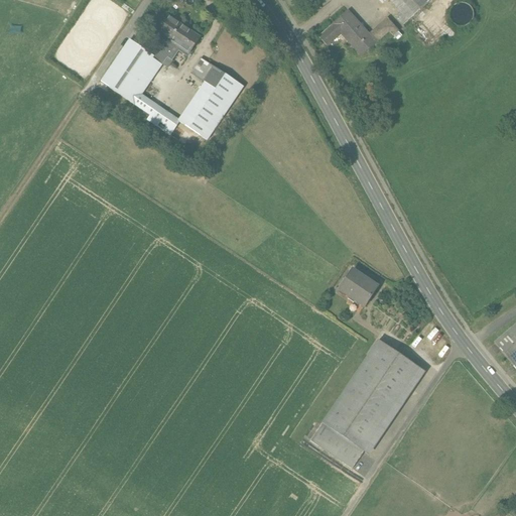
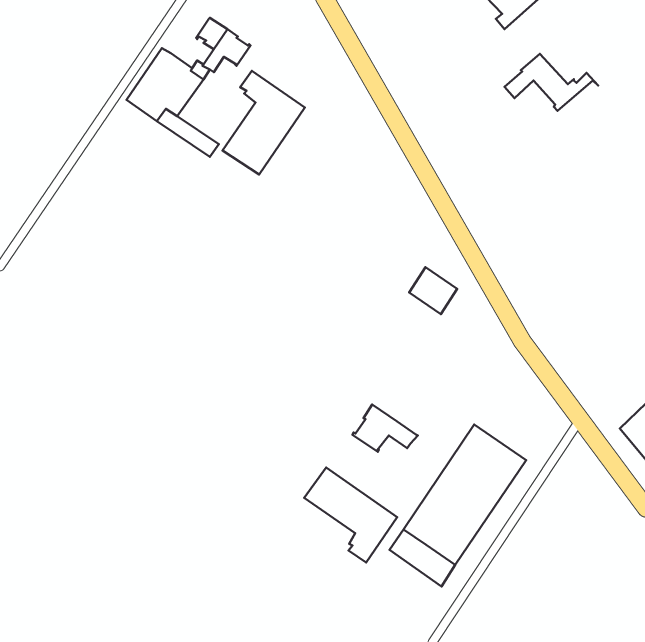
building: [319,9,394,54] -> [504,54,598,111]
building: [340,268,378,305] -> [409,267,457,314]
building: none -> [353,405,418,452]
building: none -> [304,468,397,563]

